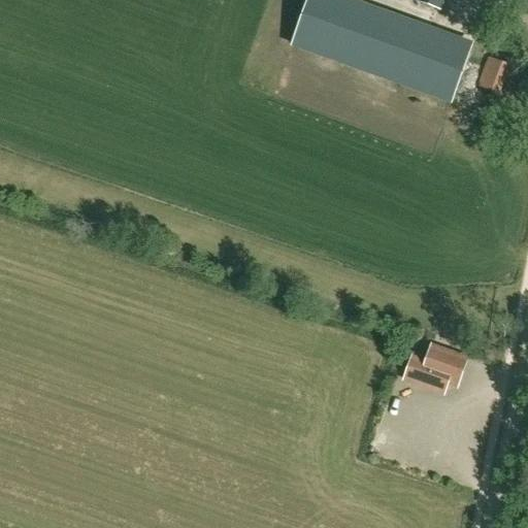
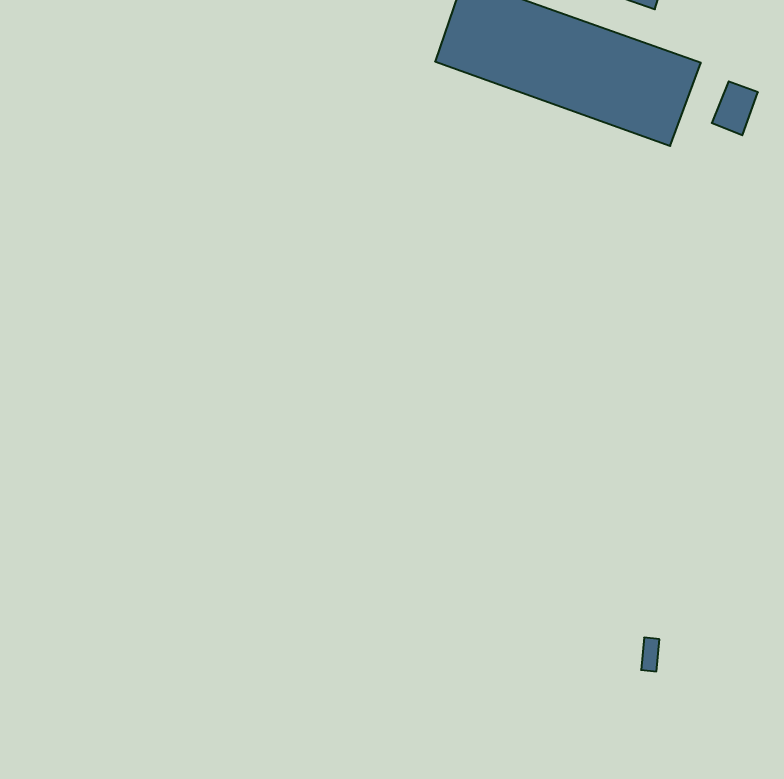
building: [403,349,464,390] -> none

